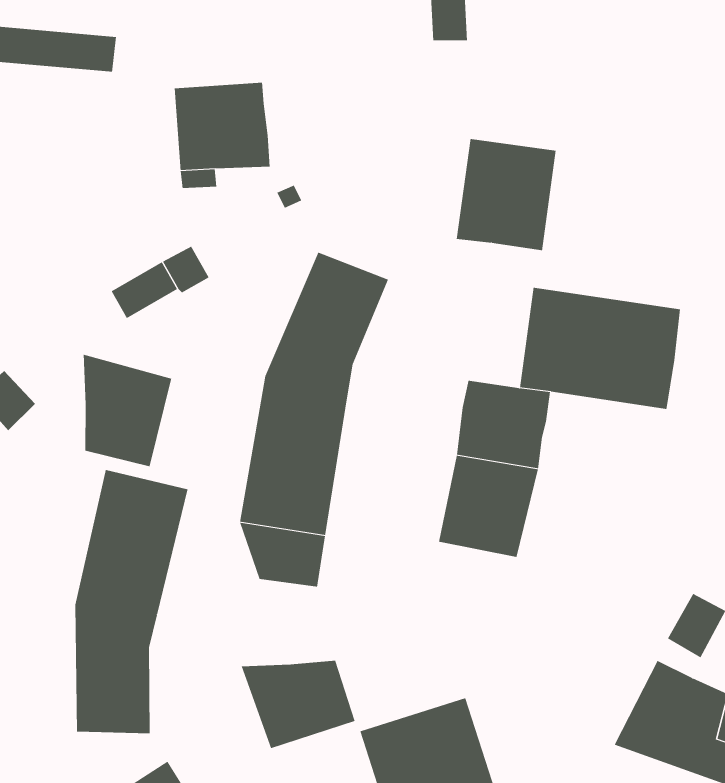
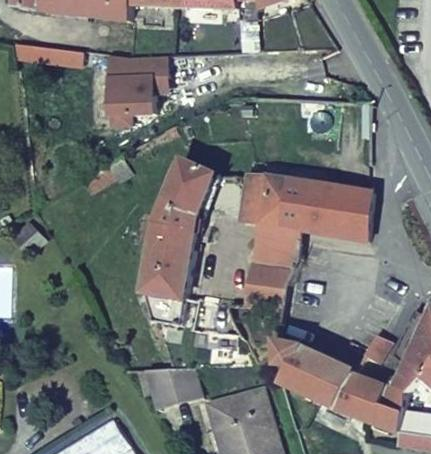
building: none -> [107,55,169,85]
building: [456,139,557,251] -> [241,172,292,229]
building: [83,354,172,467] -> none
building: [75,469,188,734] -> none
building: none -> [278,339,355,410]

